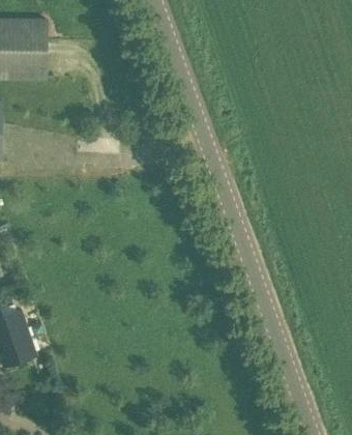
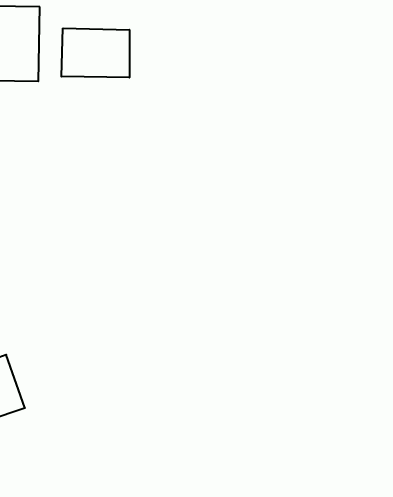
building: none -> [61,28,129,78]

